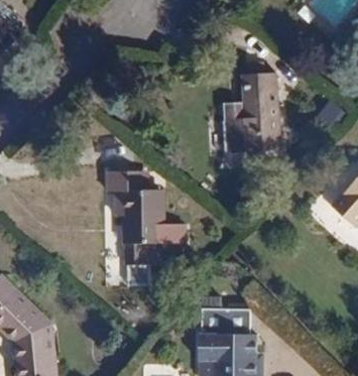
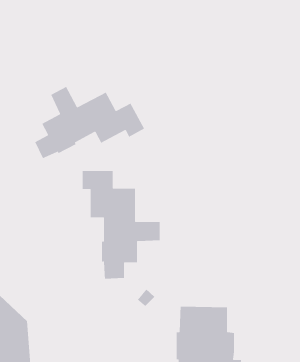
building: [221,75,278,154] -> none
building: none -> [34,86,145,159]

